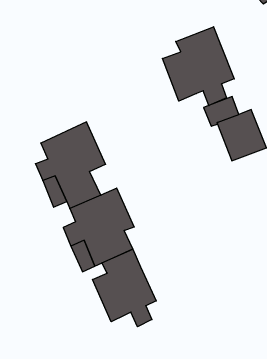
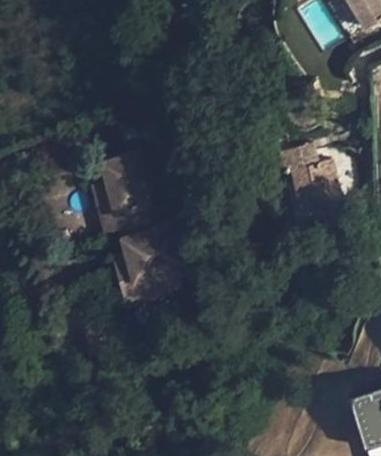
building: [162,27,234,106] -> none
building: [93,249,156,327] -> none

